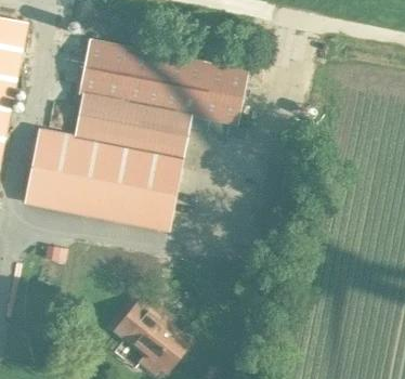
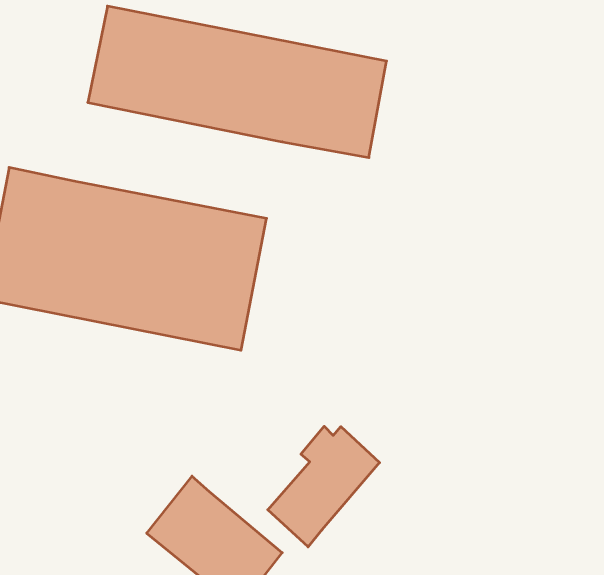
building: [74,94,188,158] -> none
building: none -> [268,426,380,547]

